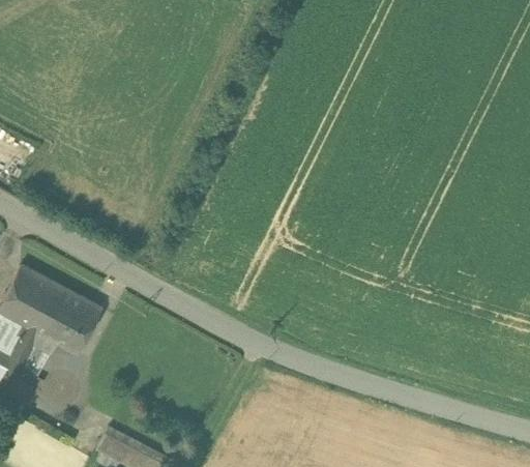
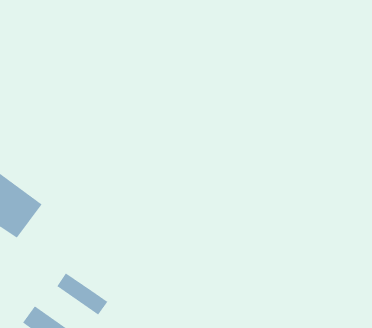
building: none -> [57,272,108,316]

